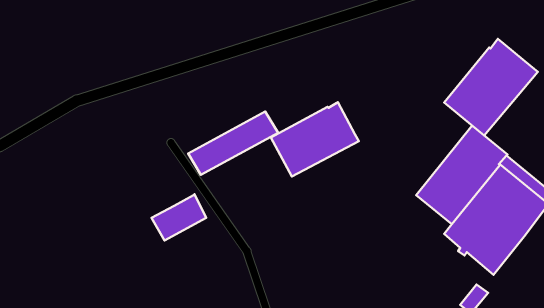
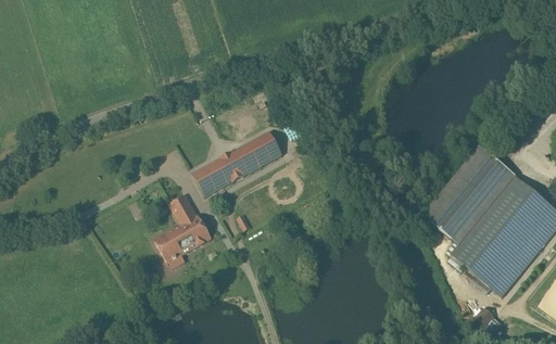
building: [444,39,538,135] -> none
building: [271,102,359,176] -> none
building: none -> [166,195,198,227]

